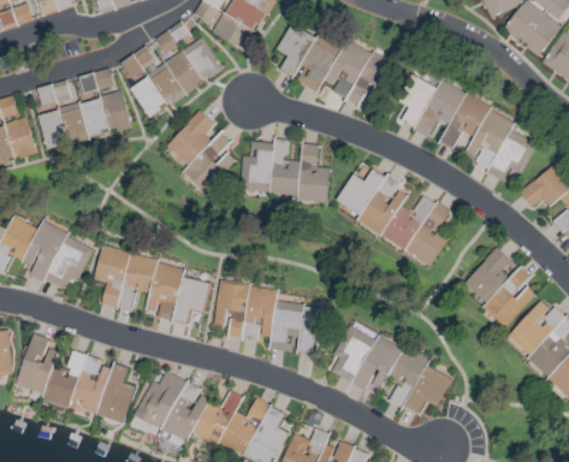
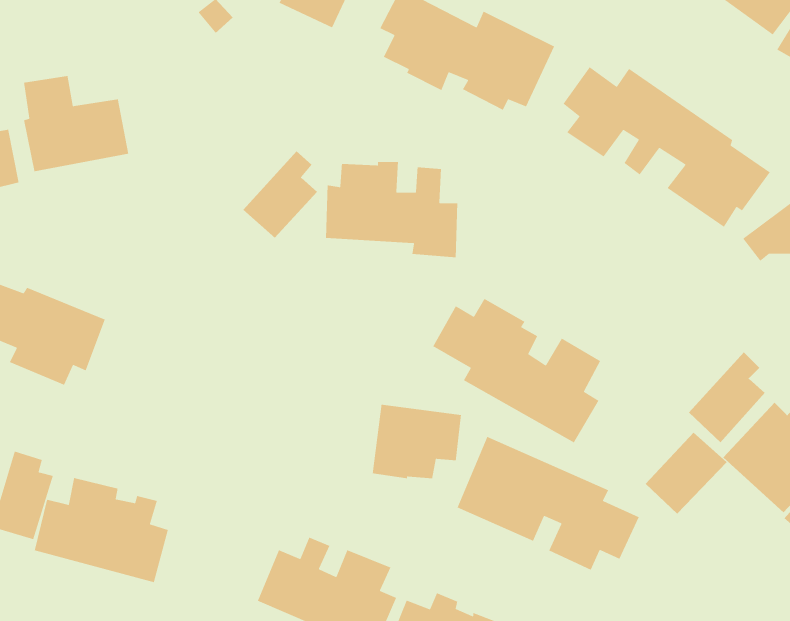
building: [119,38,223,117] -> none
building: [77,69,113,95] -> none
building: [102,90,131,132] -> none
building: [166,109,213,166] -> none
building: [336,168,449,266] -> [432,298,601,443]
building: [94,248,209,324] -> none
building: [463,248,518,303] -> [645,432,728,514]
building: [213,283,277,340] -> none
building: [134,372,208,442] -> none

